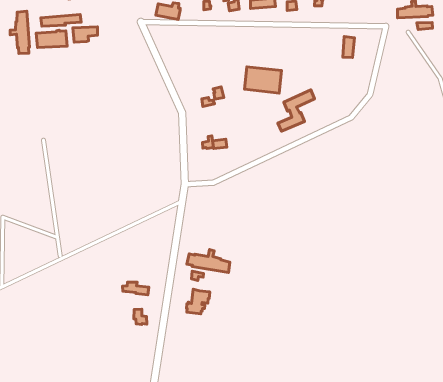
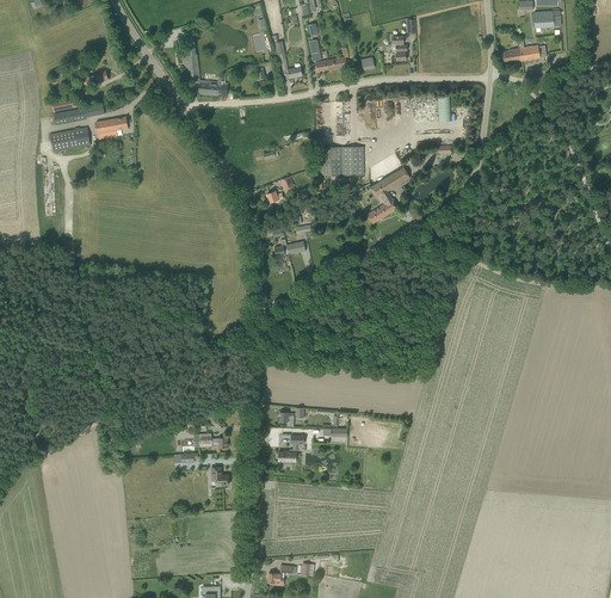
building: [10,11,30,53] -> none
building: [187,250,230,272] -> none

